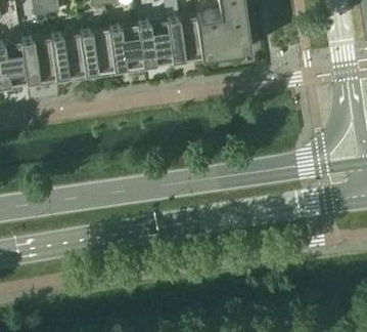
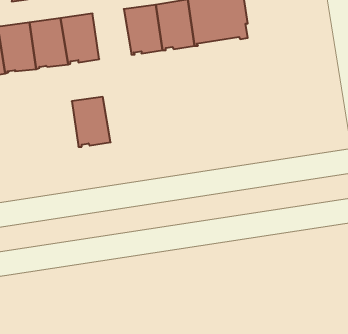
building: [108,24,144,70] -> [72,97,111,147]

